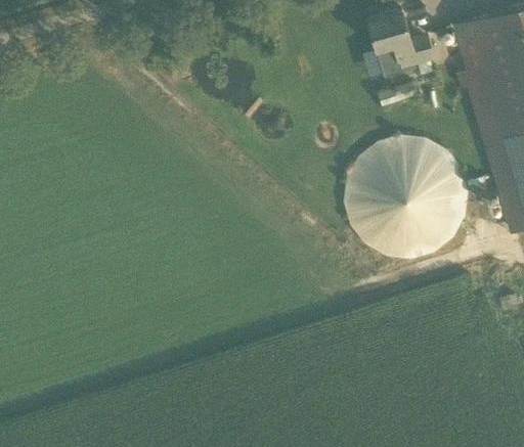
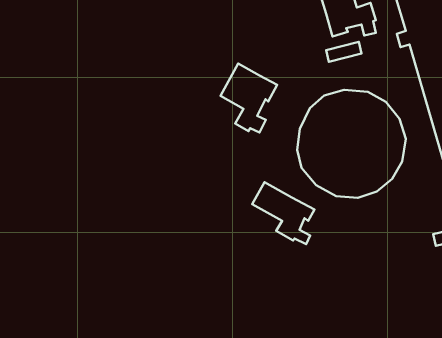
building: none -> [220,64,277,133]
building: none -> [252,182,314,244]

